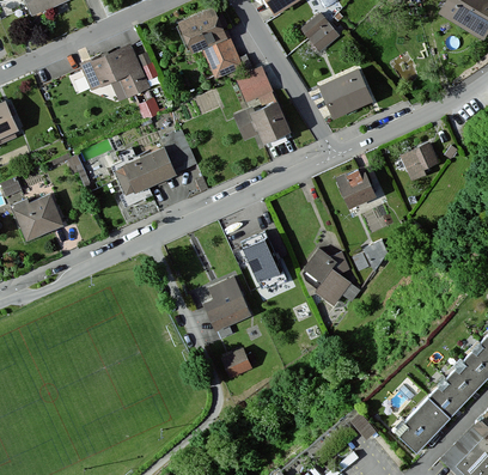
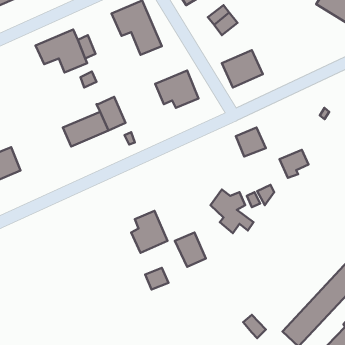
building: [237,68,275,108] -> none
building: [401,144,438,179] -> [279,150,308,178]
building: [243,238,282,282] -> [175,232,206,267]

